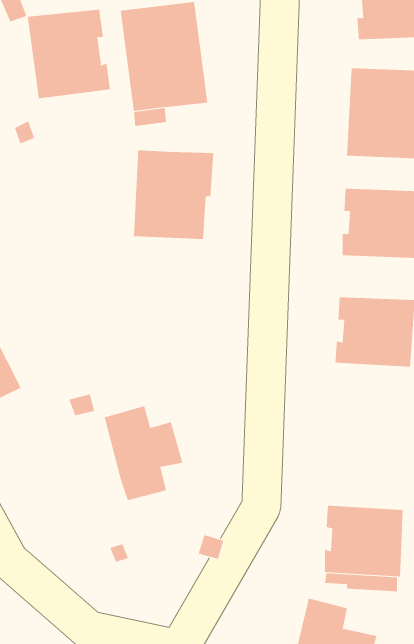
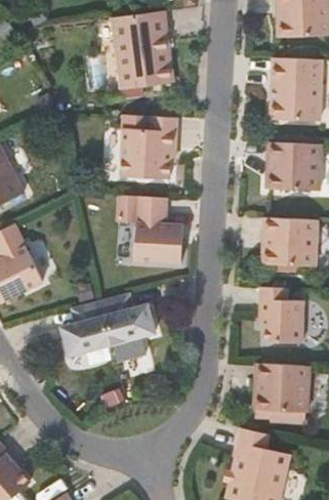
building: [27,9,111,99] -> none
building: none -> [118,195,182,262]
building: none -> [259,286,303,343]
building: none -> [61,301,112,356]

